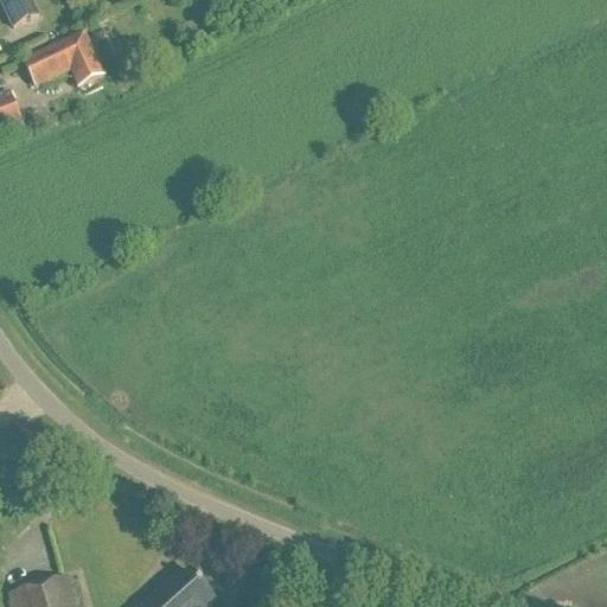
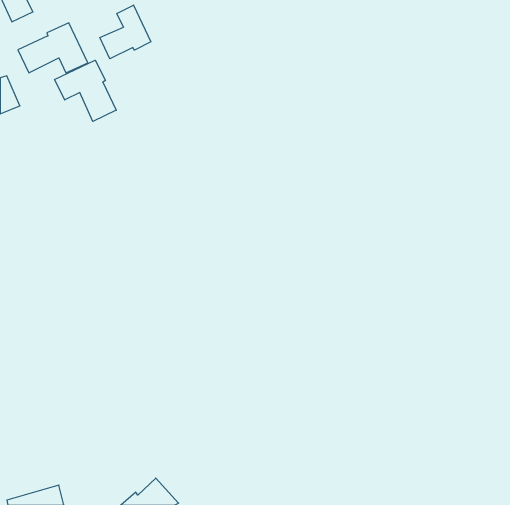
building: none -> [100,5,151,59]
building: none -> [55,60,116,121]

